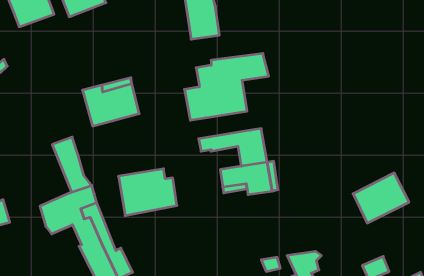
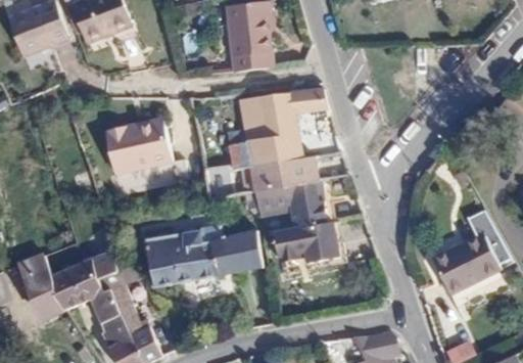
building: none -> [251,160,306,191]
building: [52,137,91,192] -> [17,254,65,321]
building: none -> [200,227,263,278]

